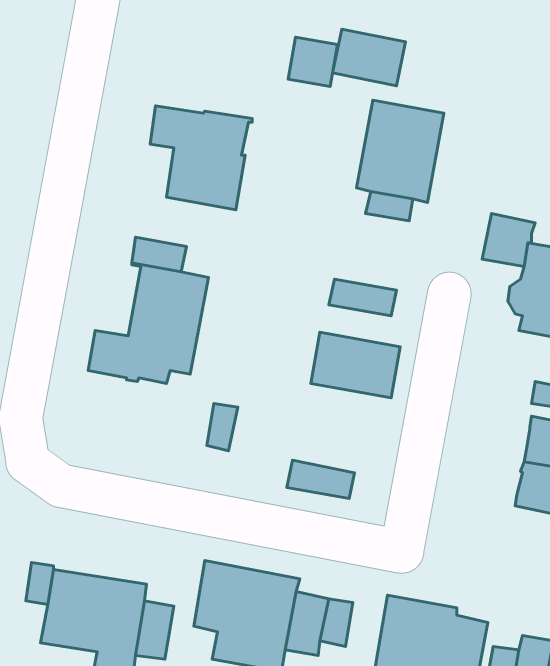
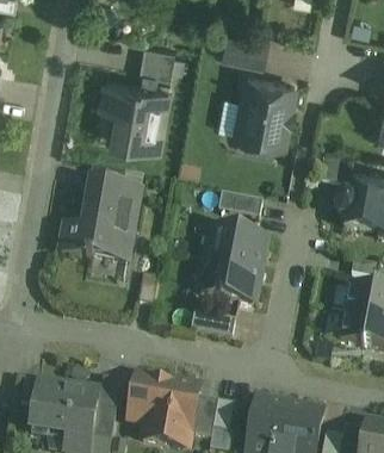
building: [288,37,338,86] -> [142,45,174,77]
building: none -> [200,261,259,304]

